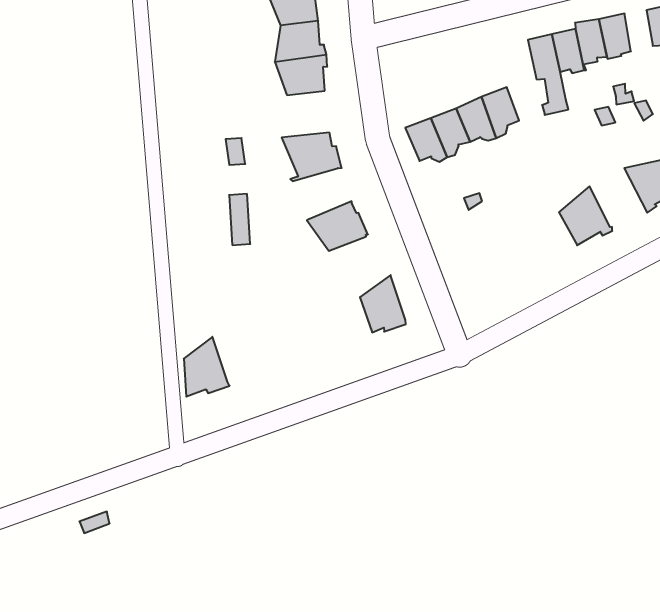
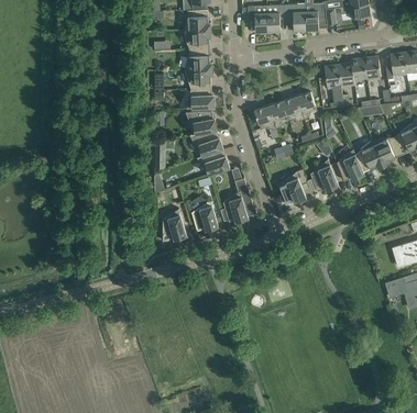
building: none -> [186,88,215,109]
building: none -> [353,141,384,172]
building: none -> [190,131,224,158]
building: none -> [308,159,338,192]
building: none -> [278,172,306,204]
building: none -> [187,197,218,231]
building: [184,337,230,397] -> [163,209,187,241]

